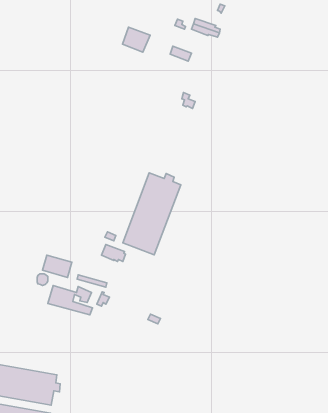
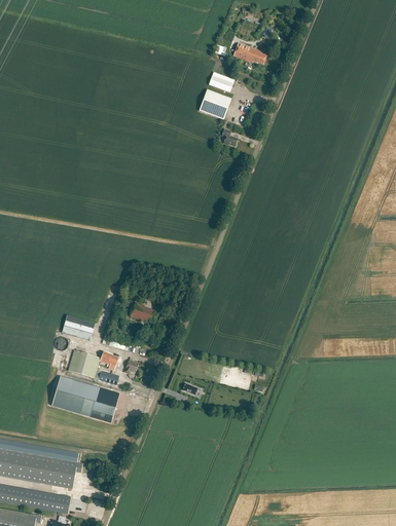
building: [122,27,150,52] -> [199,90,230,119]
building: [123,173,181,255] -> none
building: none -> [50,376,119,423]

